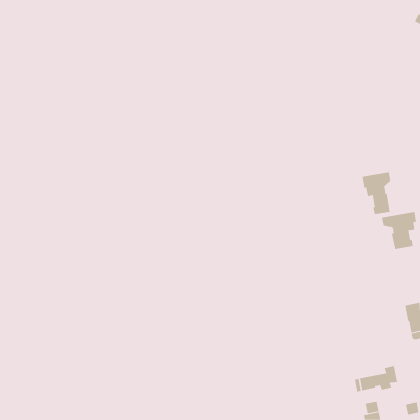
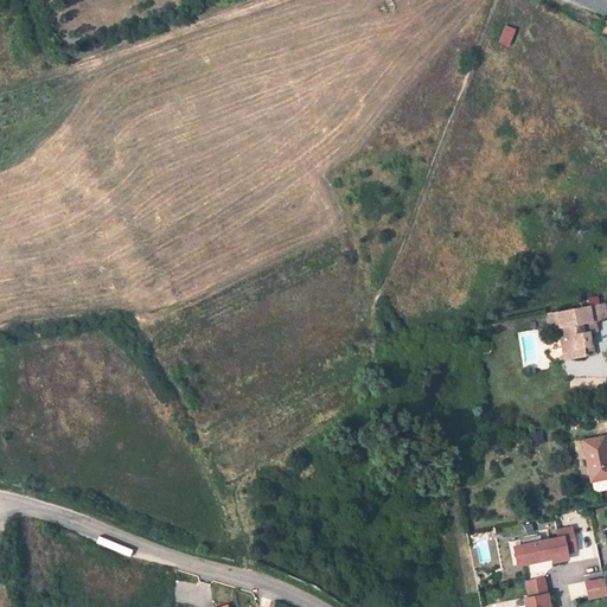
building: [362,171,391,215] -> none

